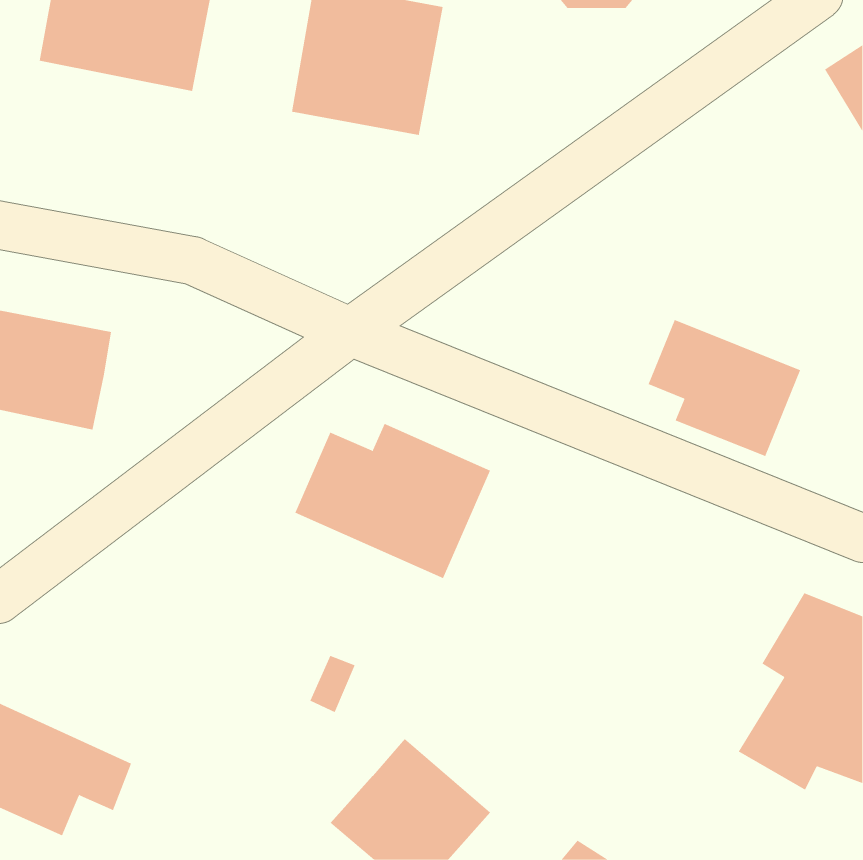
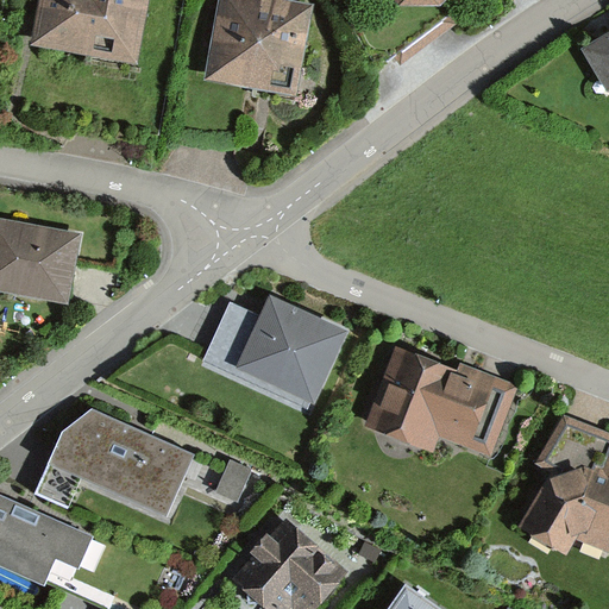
building: [648,319,801,457] -> none
building: none -> [363,346,520,457]
building: none -> [34,410,193,516]

